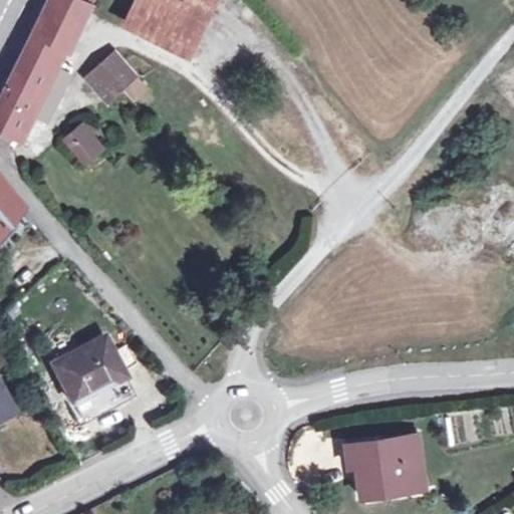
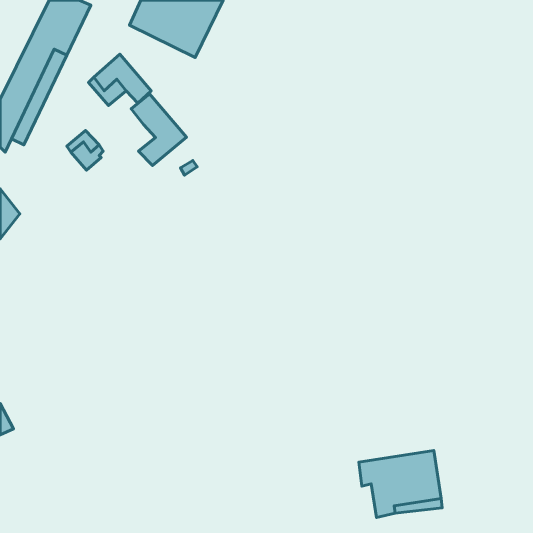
building: none -> [131,94,187,166]
building: [52,338,124,401] -> none

